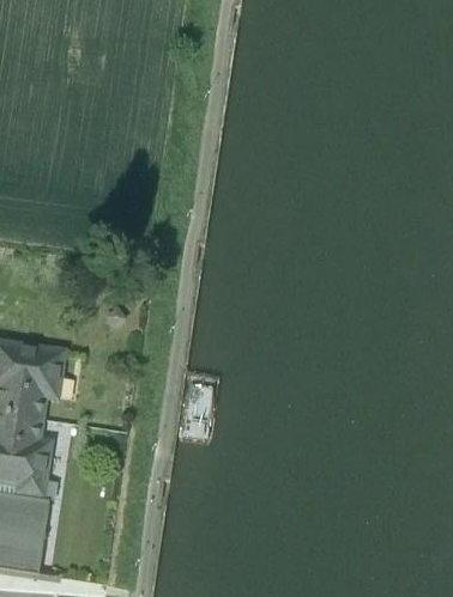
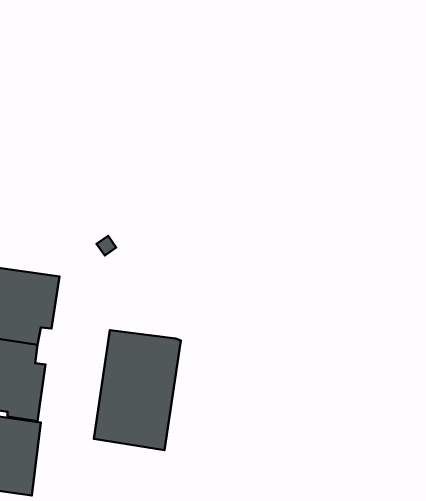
building: none -> [94,330,181,450]

